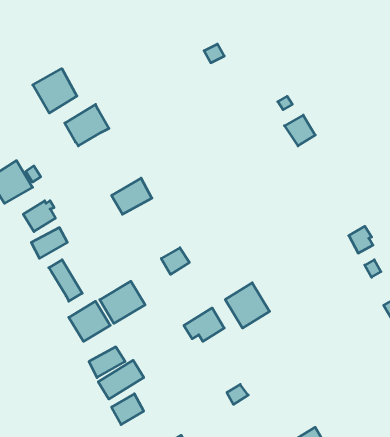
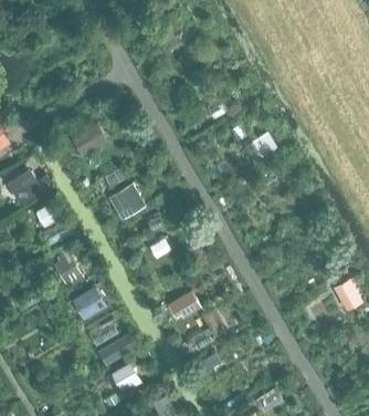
building: [33,69,77,113] -> none
building: [100,281,145,323] -> none
building: [225,283,270,328] -> none

